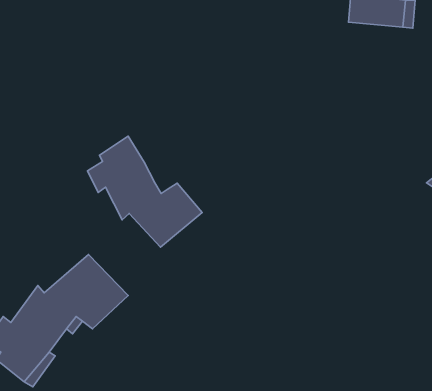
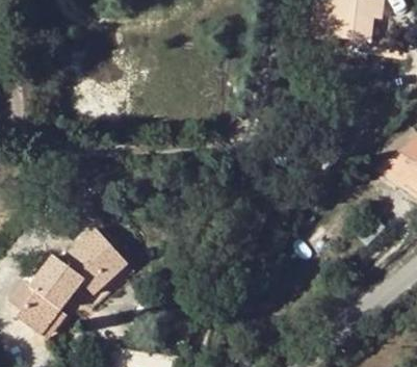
building: [88,136,202,247] -> none

